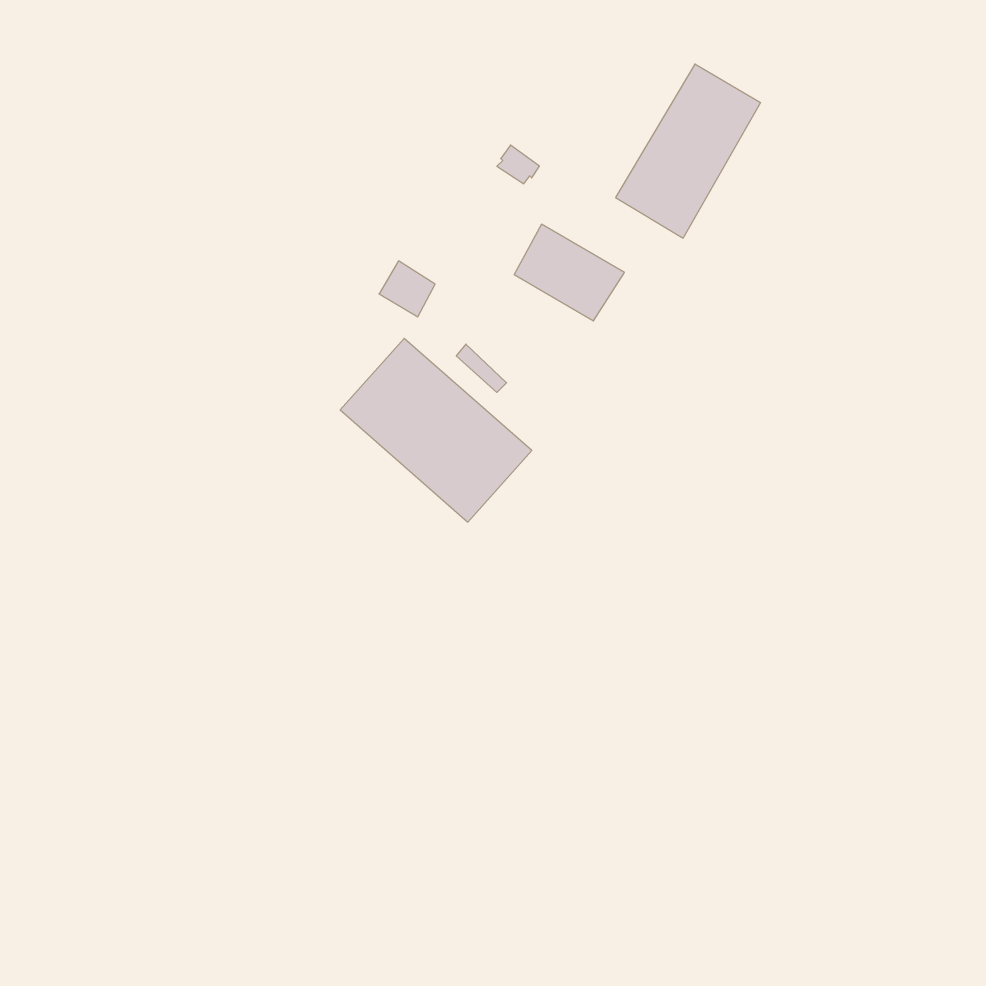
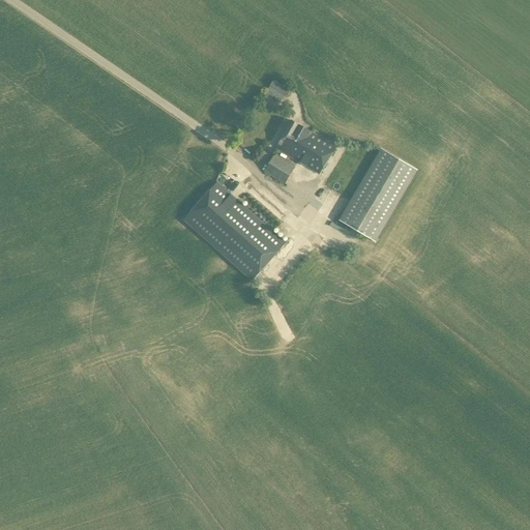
building: [616,64,761,238] -> [338,148,416,241]
building: [379,261,435,317] -> [263,153,293,183]

